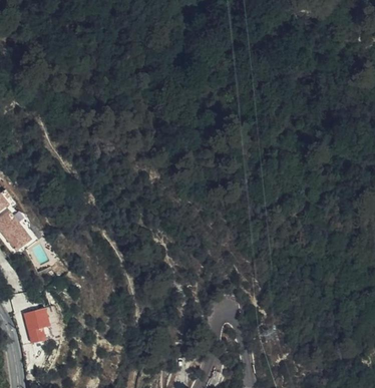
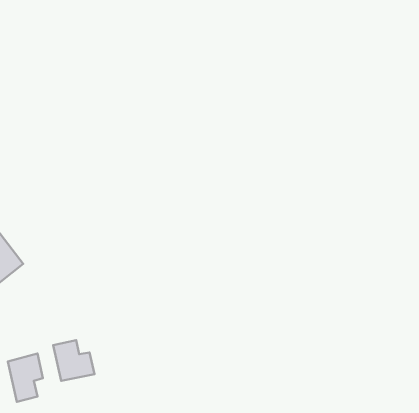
building: none -> [53,340,95,381]

